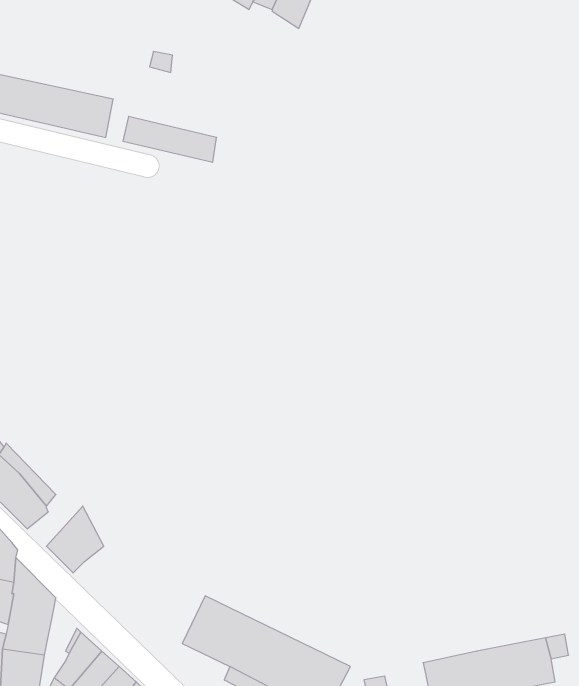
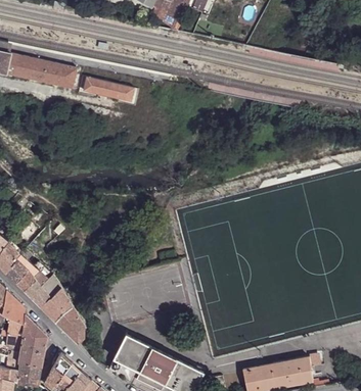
building: none -> [31,275,60,307]
building: none -> [55,307,84,343]

